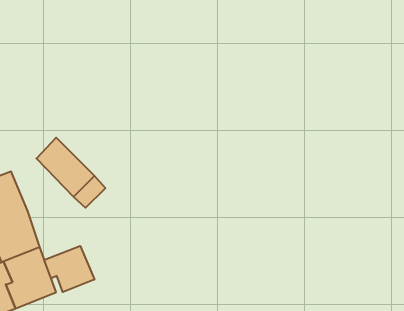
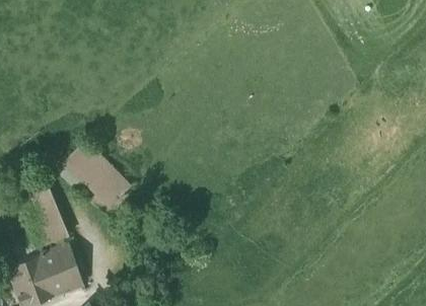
building: [44,246,94,292] -> none

